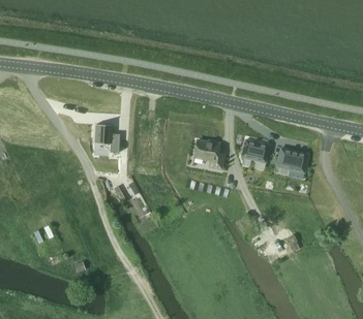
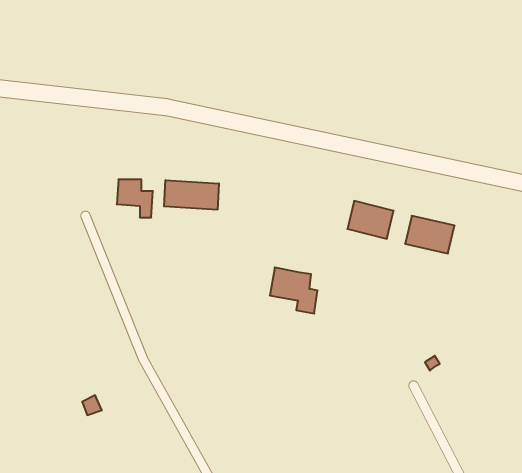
building: none -> [164,180,219,210]
building: [193,139,223,168] -> [270,267,318,314]

